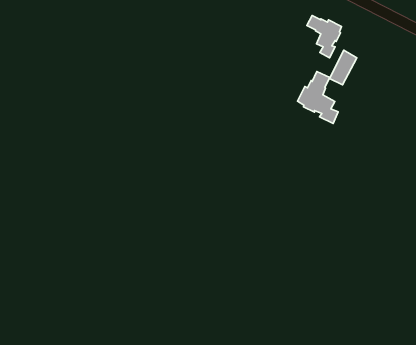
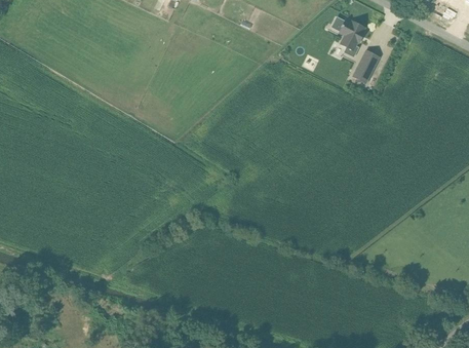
building: [297,72,338,123] -> none

